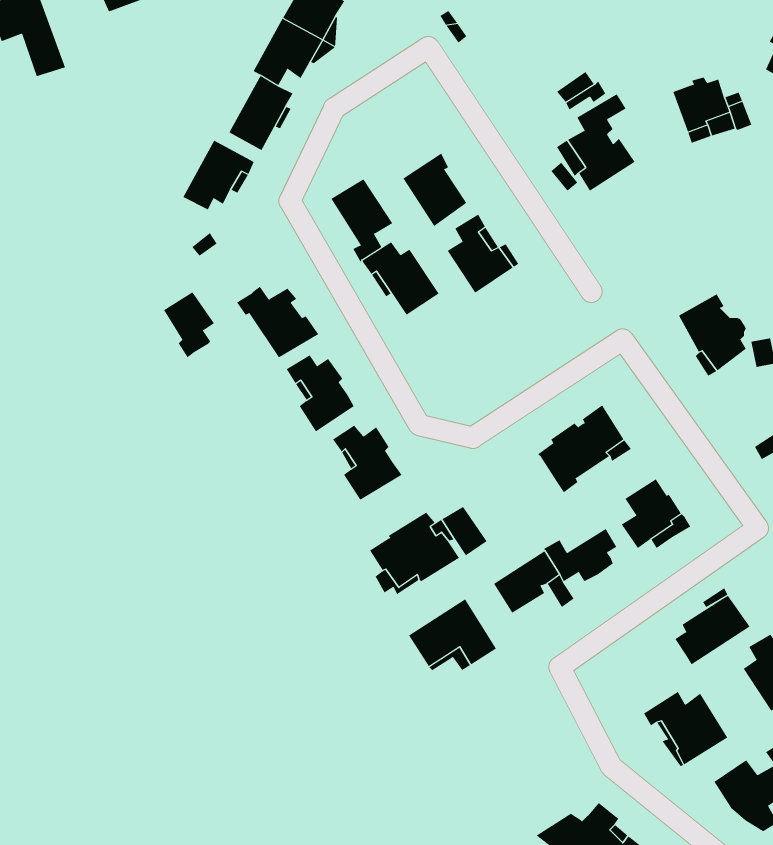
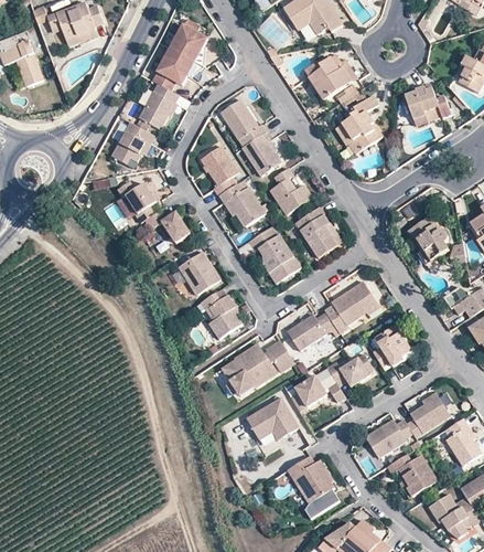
building: none -> [302,55,352,99]
building: none -> [219,99,266,146]
building: none -> [294,206,336,256]
building: [163,292,215,358] -> [125,183,155,223]
building: none -> [248,226,300,283]
building: none -> [286,311,334,350]
building: none -> [366,417,411,456]
building: none -> [288,455,340,518]

